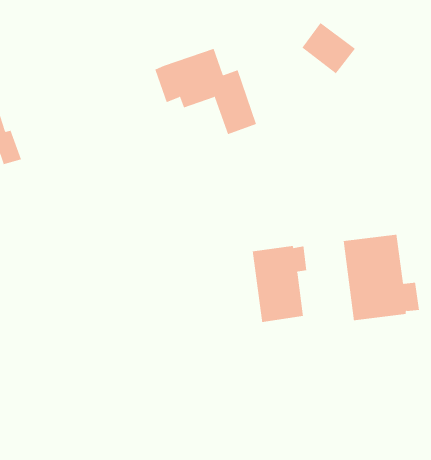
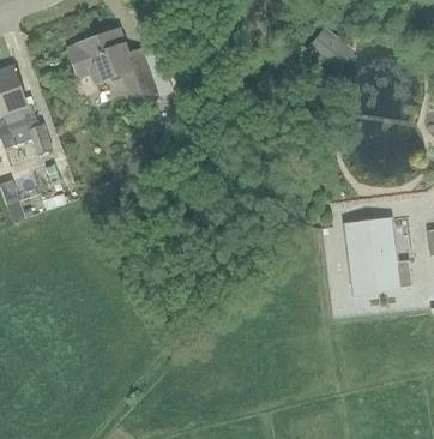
building: [154,48,257,135] -> [67,28,159,106]
building: [252,245,307,323] -> none

